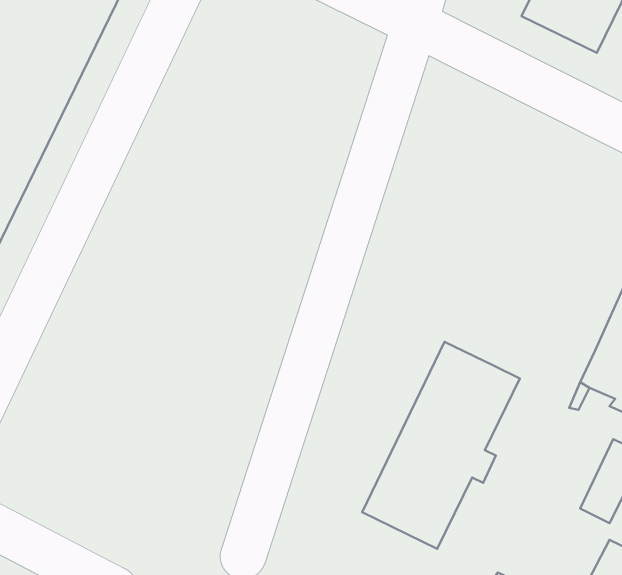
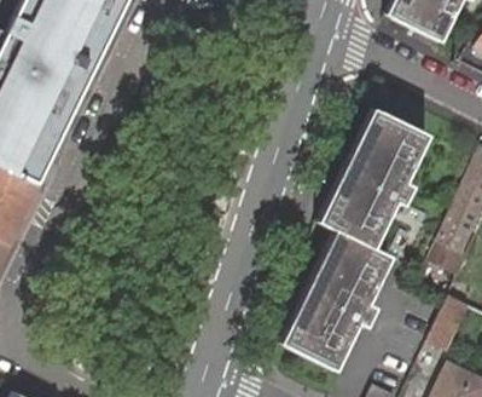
building: none -> [323,113,425,248]

